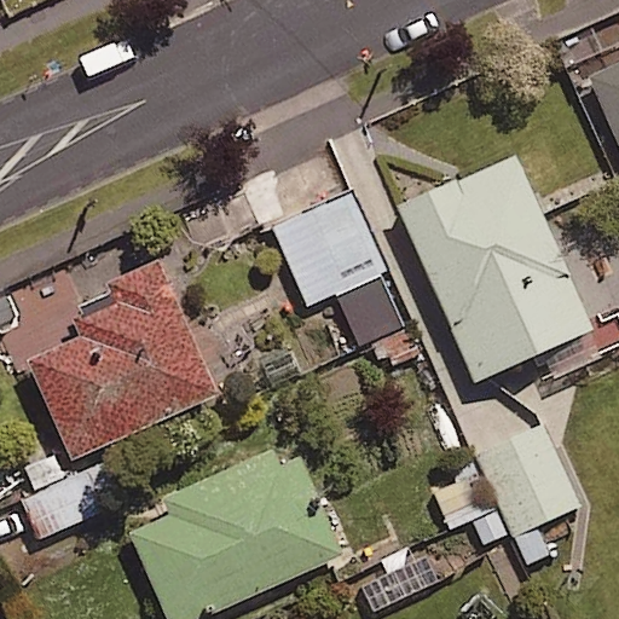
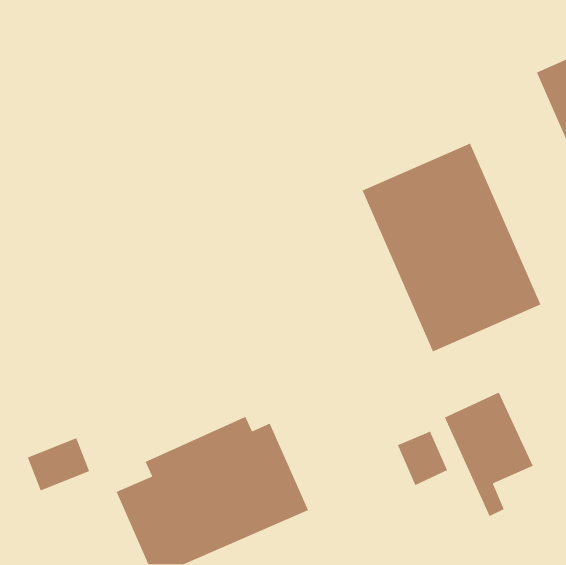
building: [277,193,389,317] -> none
building: [28,260,215,458] -> none

